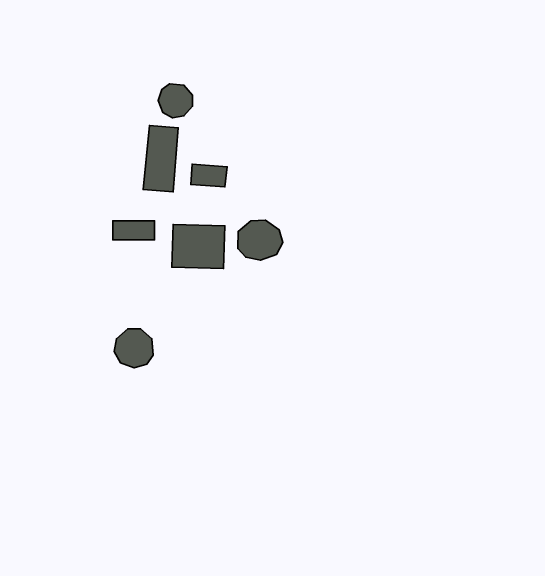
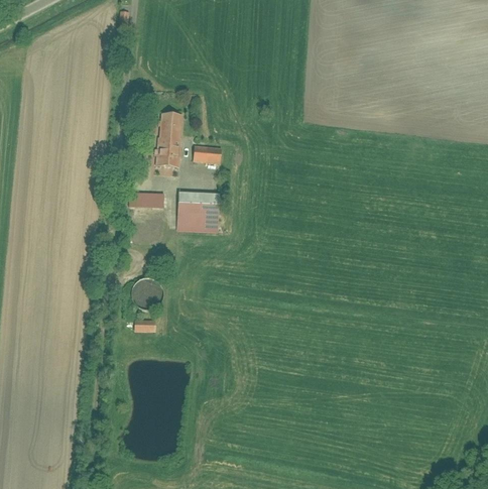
building: [158,84,193,118] -> none
building: [238,220,283,260] -> none

